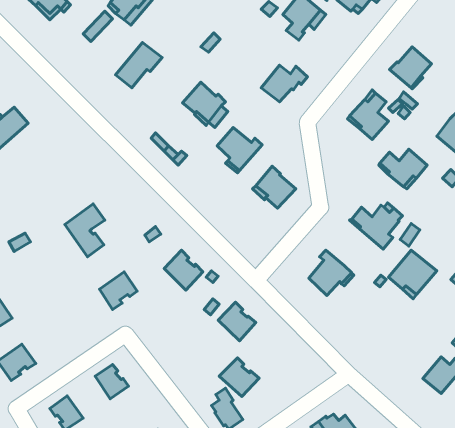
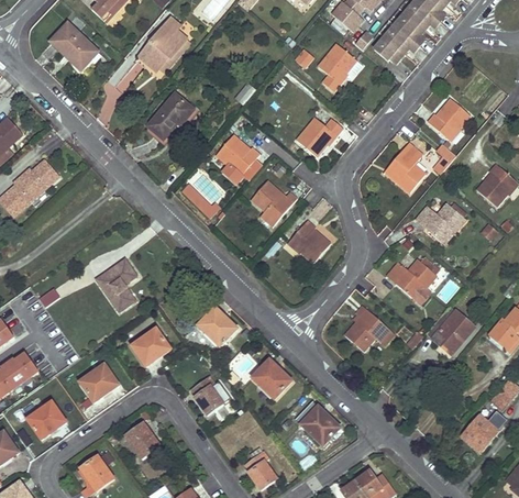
building: none -> [79,364,118,401]
building: none -> [191,375,222,412]
building: [219,358,259,397] -> [300,406,341,445]

